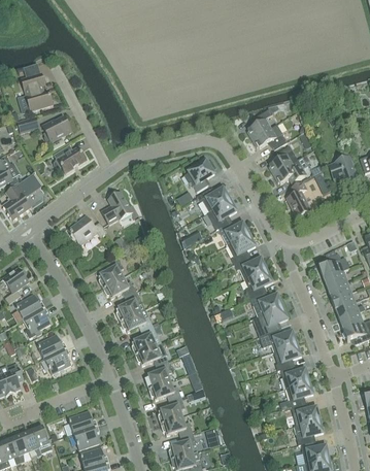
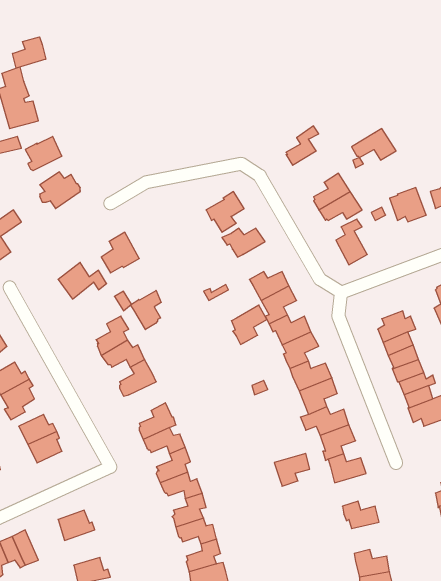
building: none -> [13,37,46,68]
building: [253,125,288,149] -> [352,129,396,160]
building: [209,199,237,230] -> [231,305,267,344]
building: none -> [131,290,161,330]
building: [120,309,153,332] -> none
building: [285,381,313,407] -> [274,453,310,486]
building: [293,419,324,445] -> none
building: [73,426,100,450] -> none

